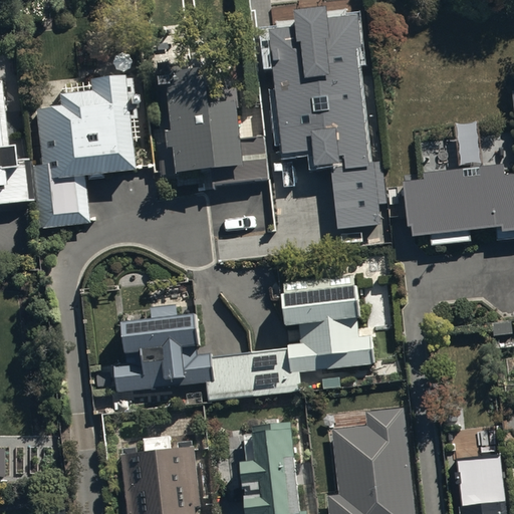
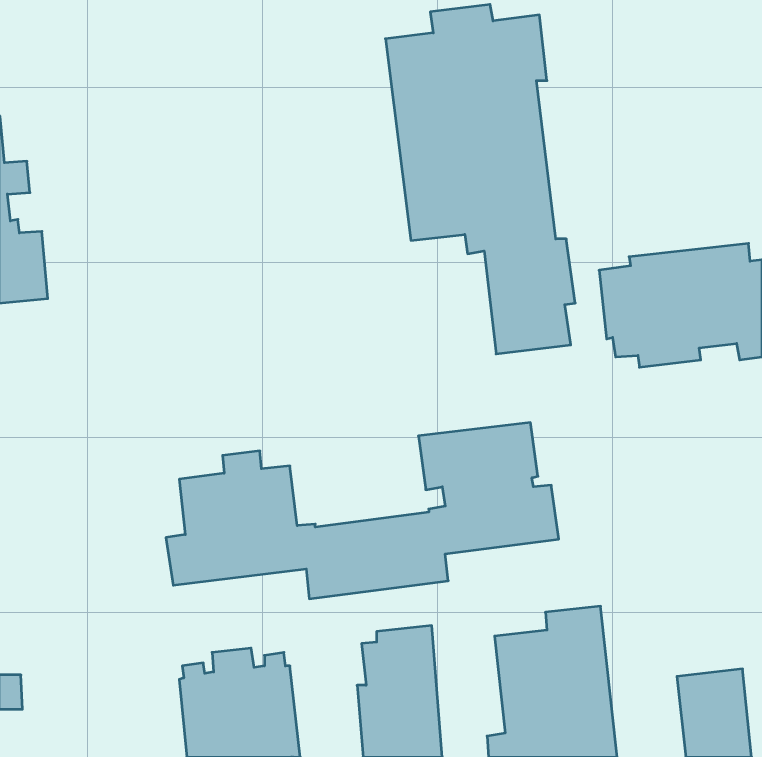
building: [158,56,268,186] -> none
building: [32,79,134,229] -> none

